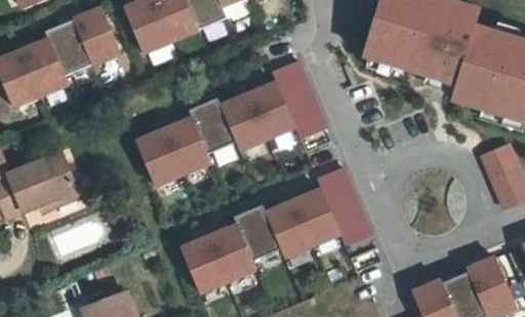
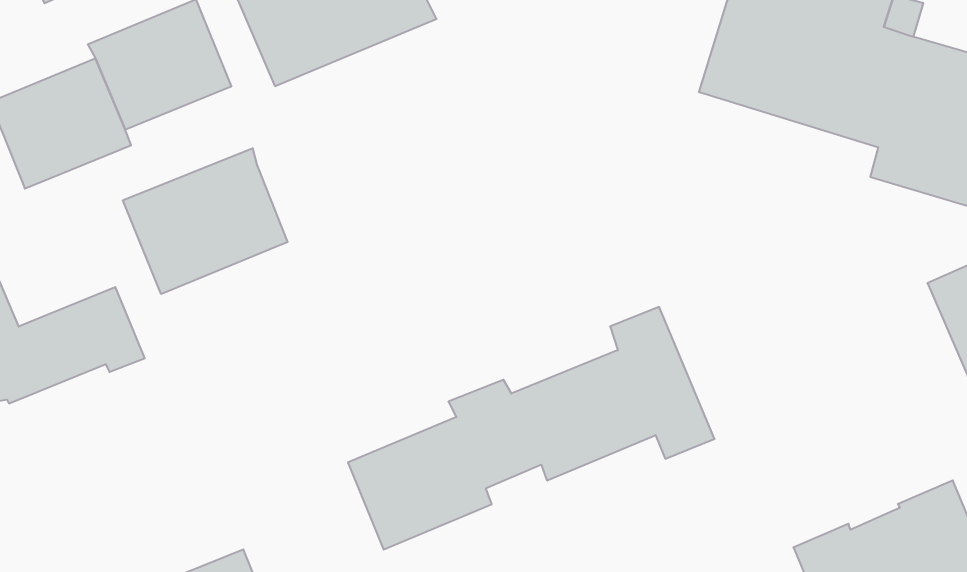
building: [136,60,327,185] -> none
building: none -> [123,148,288,294]

